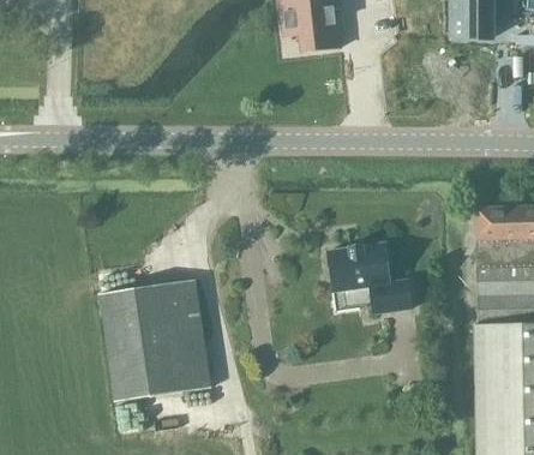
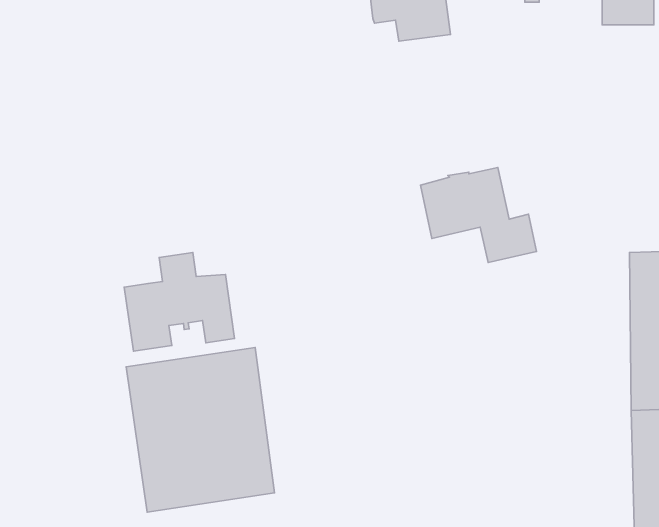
building: none -> [124,253,235,351]
building: [328,243,414,313] -> [420,167,537,263]

